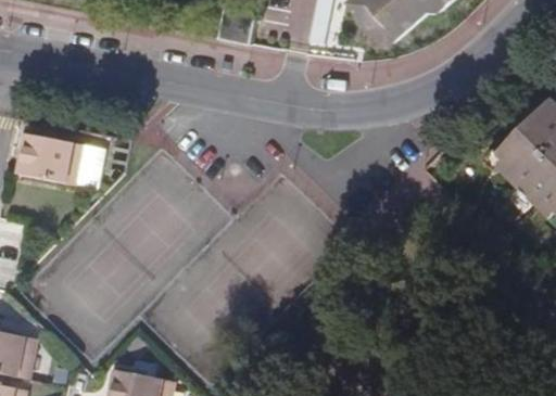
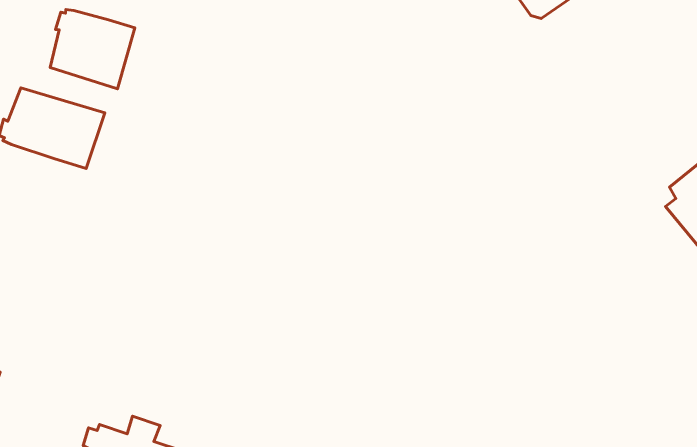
building: none -> [50,10,135,89]

